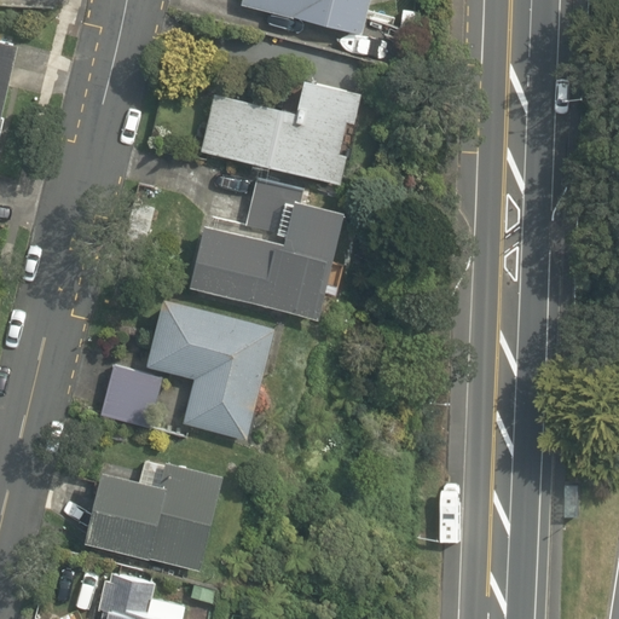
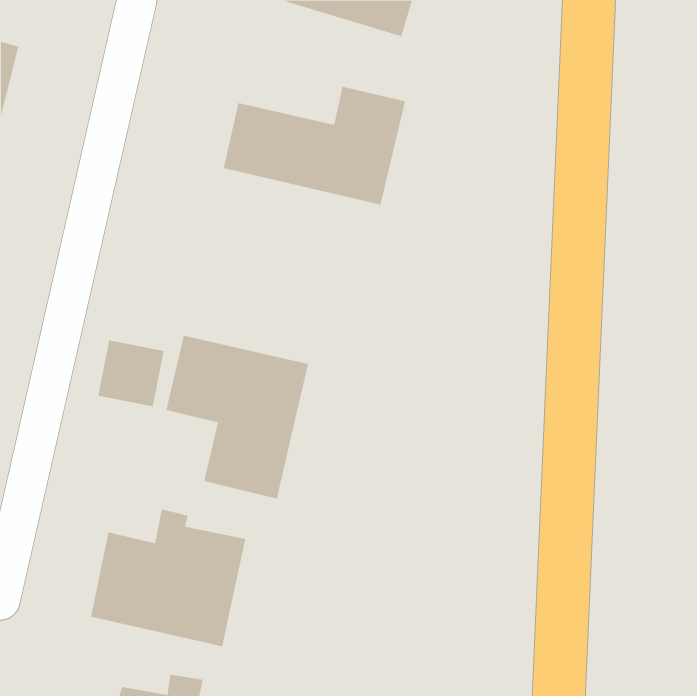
building: [190,178,341,310] -> none
building: [103,366,162,426] -> [98,340,164,407]

